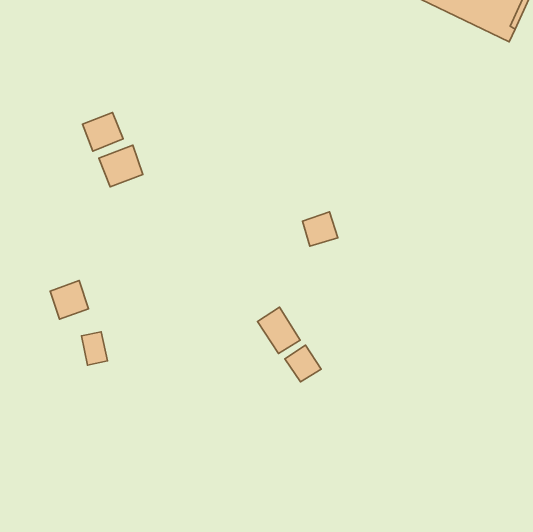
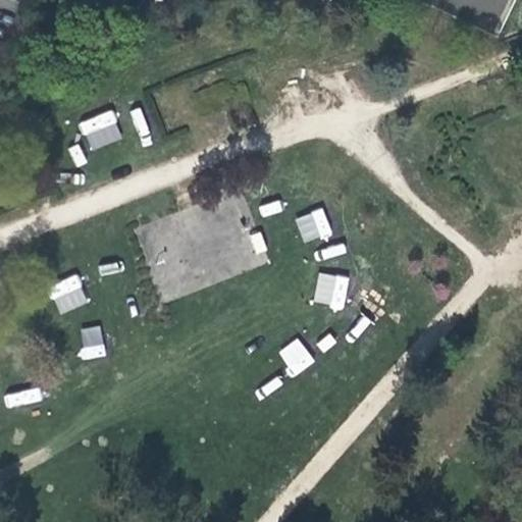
building: [99,145,143,187] -> none
building: none -> [312,270,348,307]
building: [257,307,300,354] -> none

